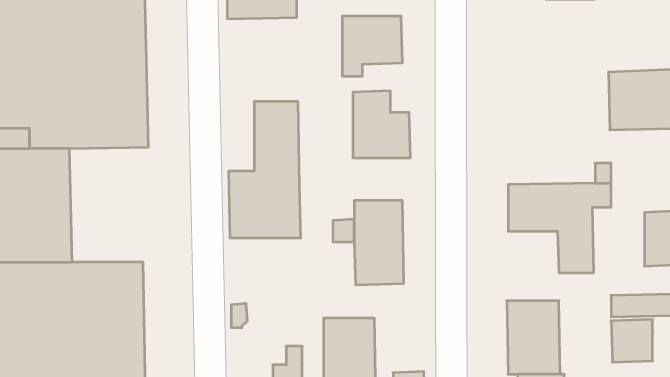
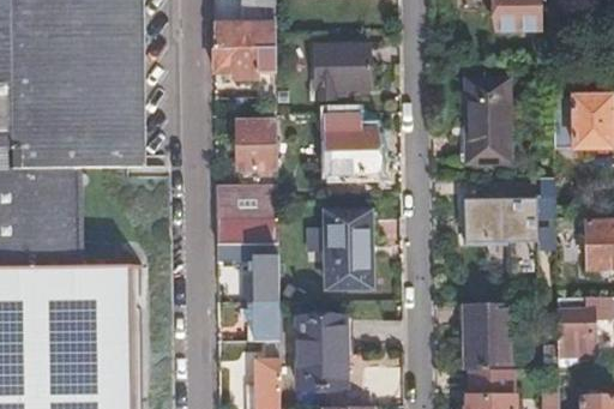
building: none -> [213,47,277,79]
building: none -> [468,79,511,163]
building: none -> [216,245,281,342]

